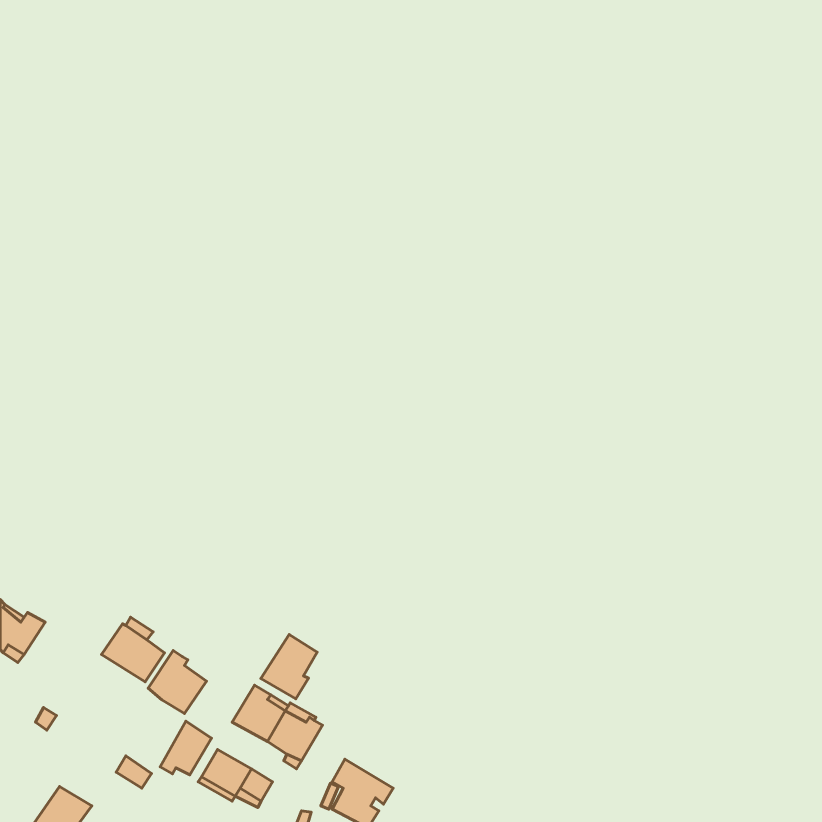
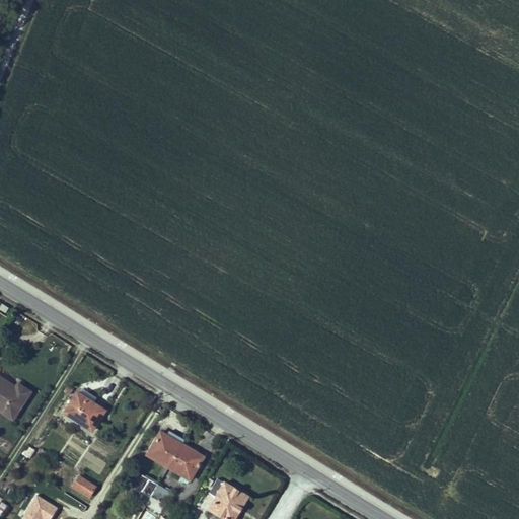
building: [261,635,317,699] -> none
building: [148,651,206,713] -> none
building: [160,721,211,775] -> none

